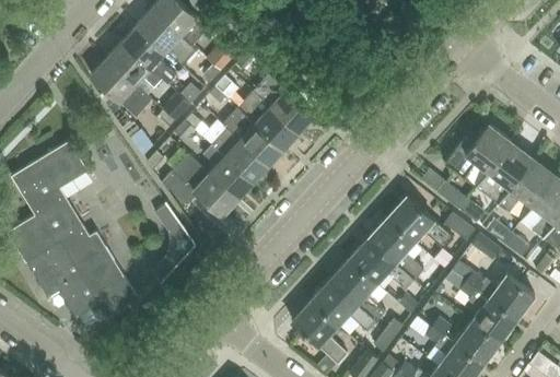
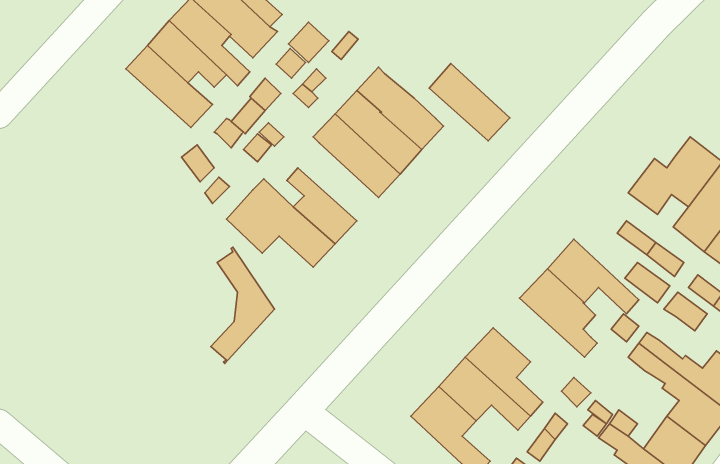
building: [212,128,269,182] -> [429,63,510,141]
building: [7,139,137,321] -> none
building: [350,237,415,288] -> none

